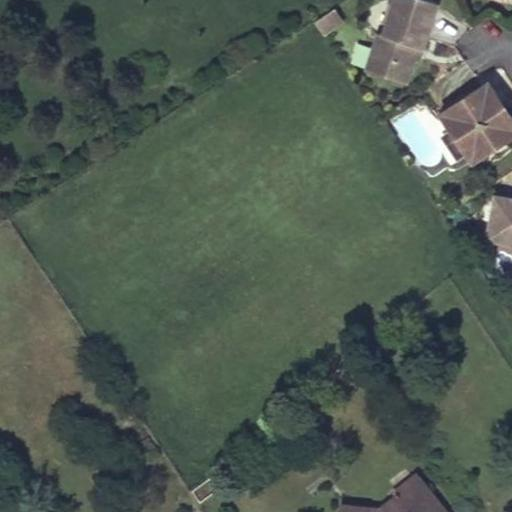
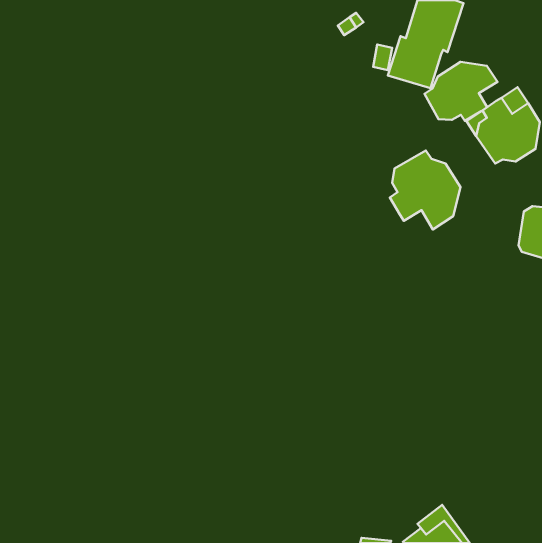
building: none -> [424,62,497,121]
building: none -> [390,151,460,229]

